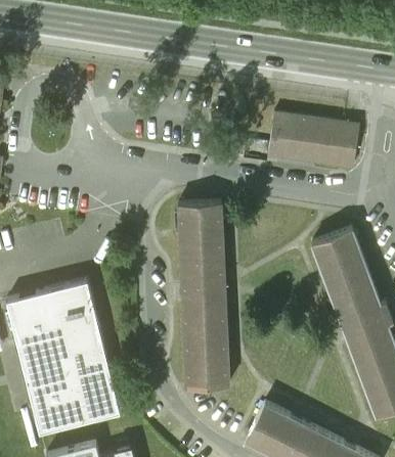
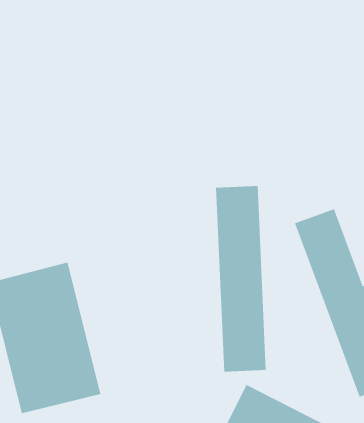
building: [268,113,357,167] -> none
building: [177,202,228,389] -> [215,185,267,372]

